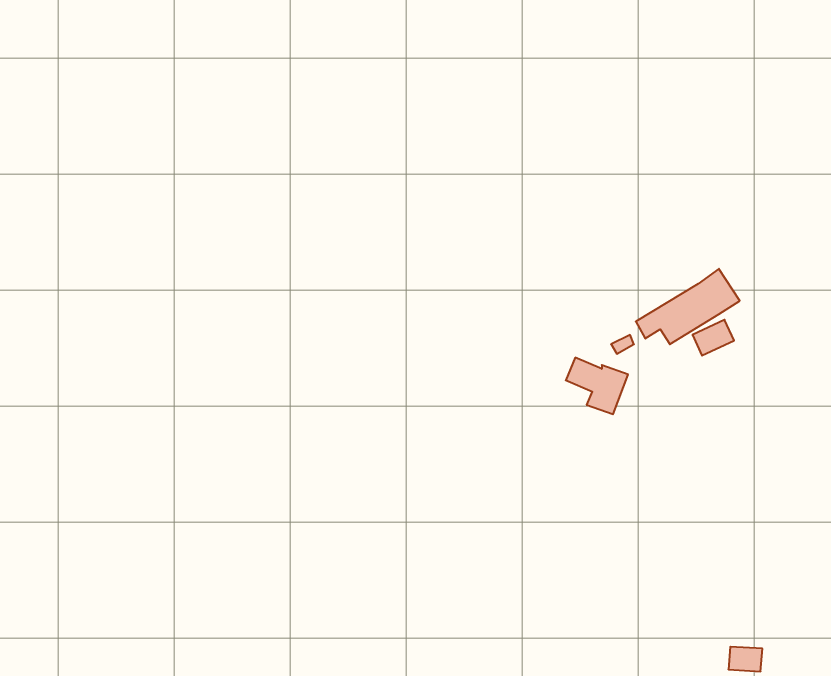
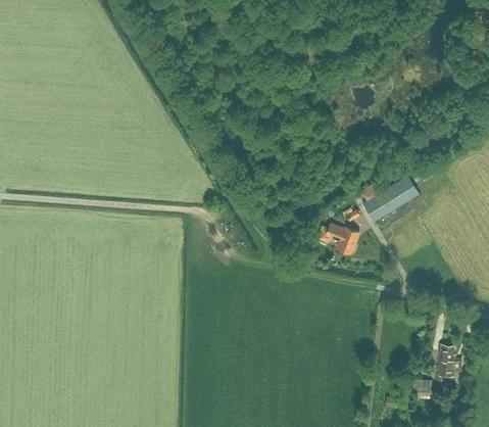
building: none -> [438,345,460,377]

